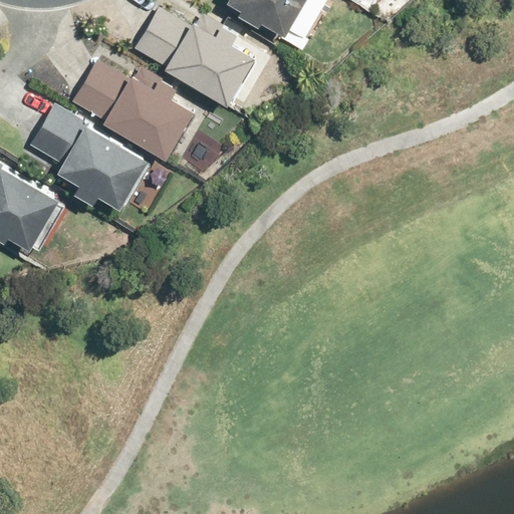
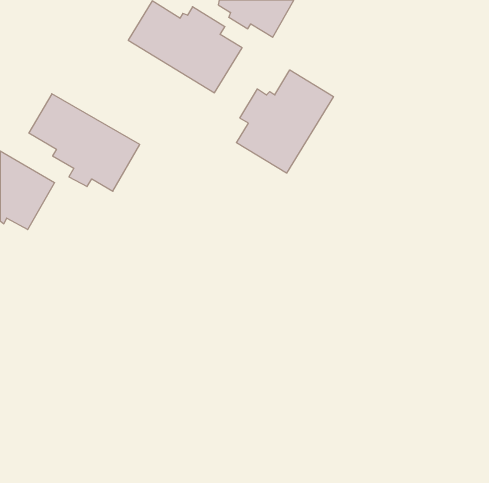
building: [73,65,194,168] -> none
building: none -> [236,70,333,173]

